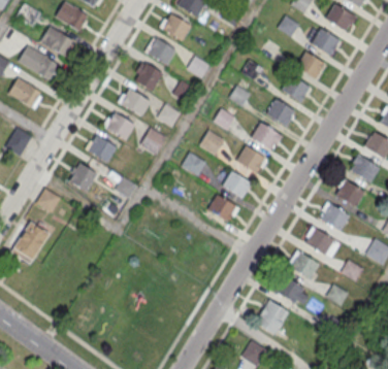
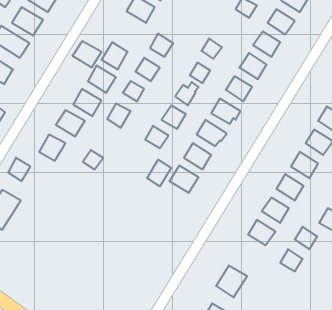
building: [147,38,177,66] -> [72,41,102,67]
building: none -> [147,160,171,186]
building: [277,275,310,304] -> none

